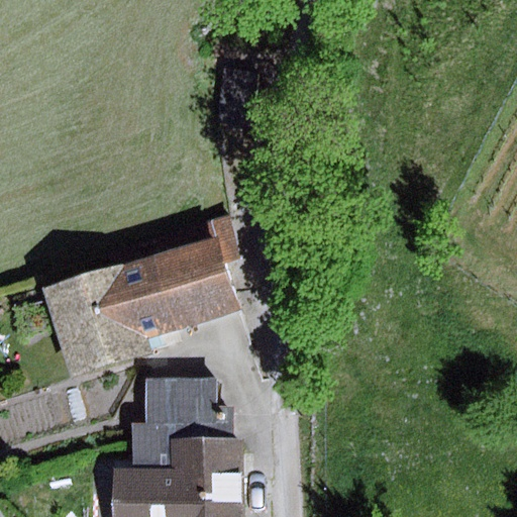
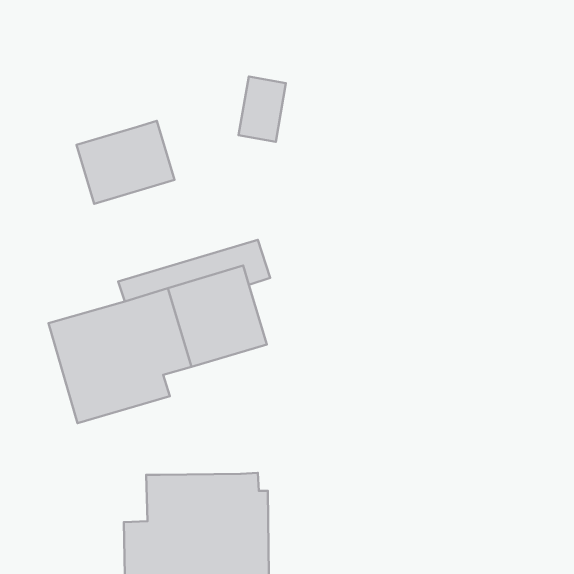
building: none -> [77,121,175,204]
building: [143,380,216,427] -> none

